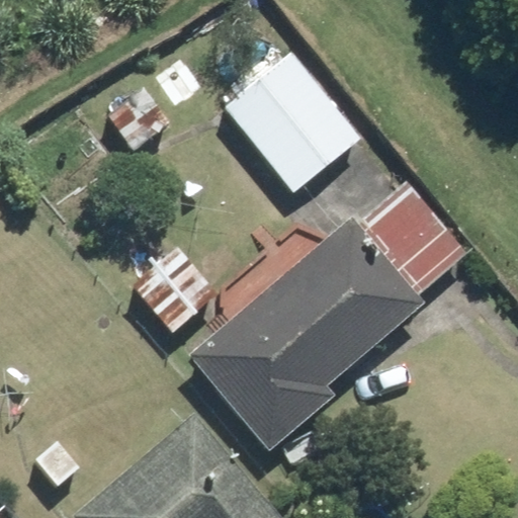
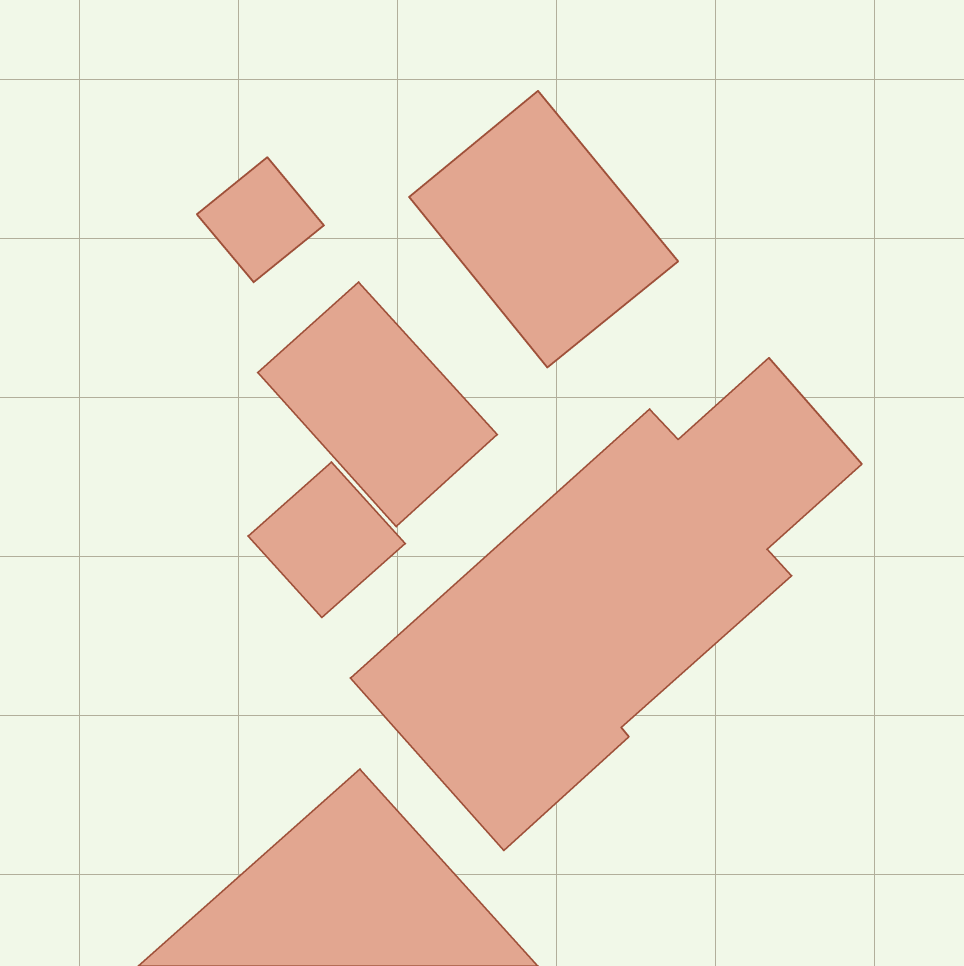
building: none -> [258,282,497,527]

